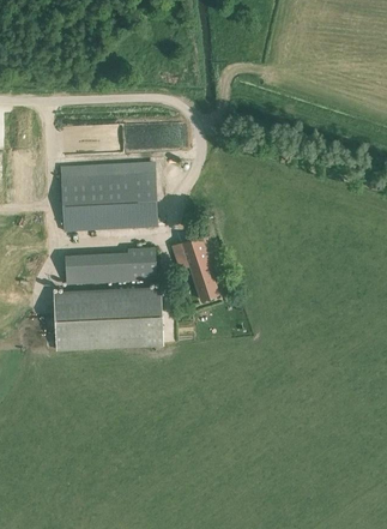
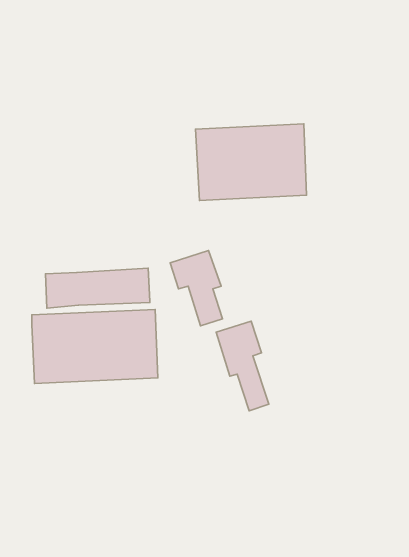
building: [60,163,157,230] -> [195,124,306,201]
building: none -> [216,321,269,411]

